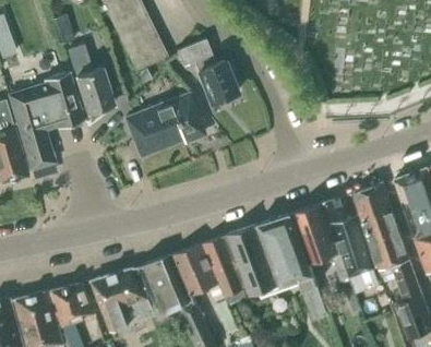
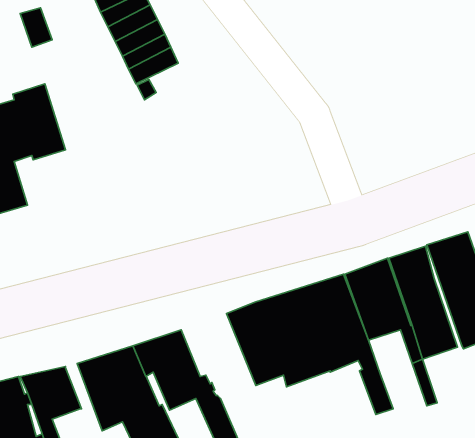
building: [177,39,237,104] -> none
building: [68,45,113,113] -> none
building: [124,95,203,156] -> none
building: [172,243,225,300] -> none

